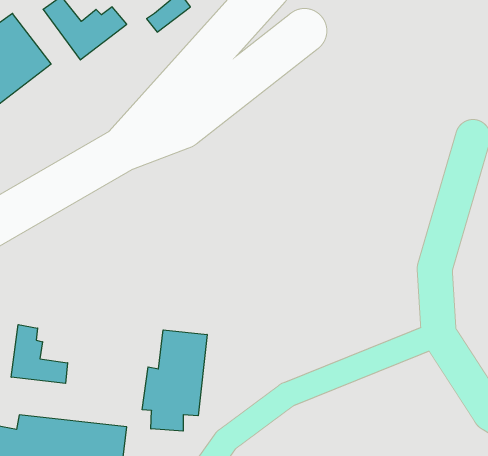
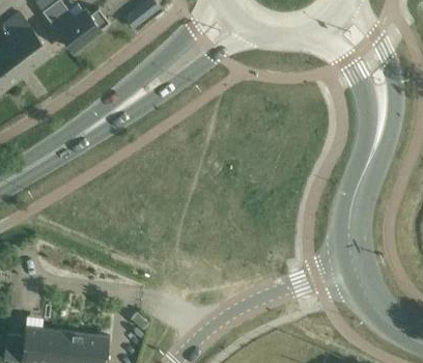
building: [11,325,68,383] -> none
building: [142,330,207,431] -> none

